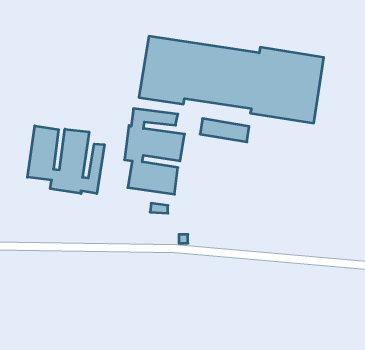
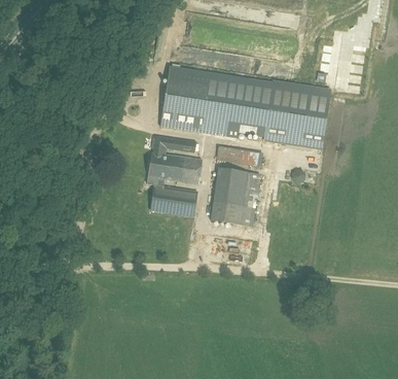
building: [27,126,104,194] -> none
building: none -> [211,167,258,225]

